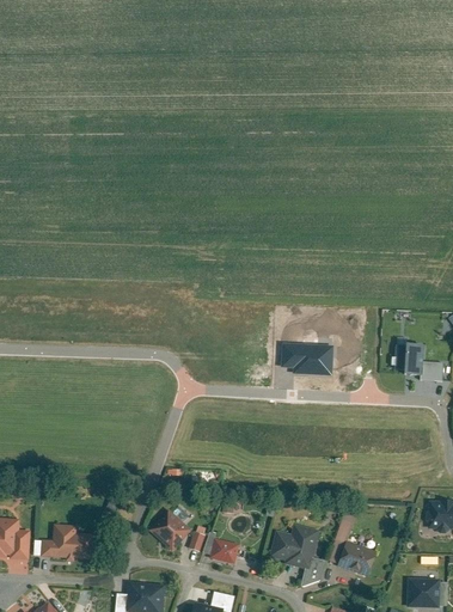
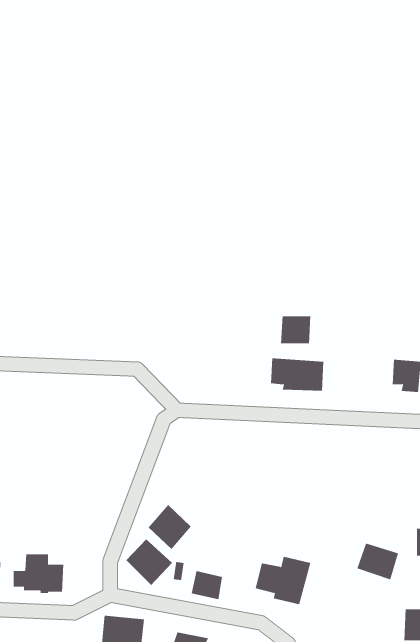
building: none -> [281,315,311,344]
building: none -> [148,504,192,550]
building: [339,544,379,579] -> [356,543,399,580]

